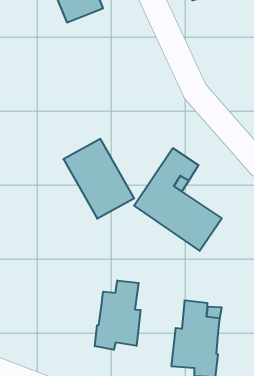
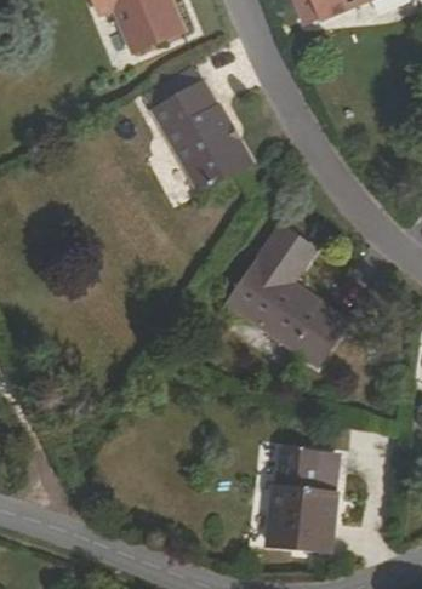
building: [63,139,134,219] -> [152,84,249,193]
building: [95,280,141,350] -> none

